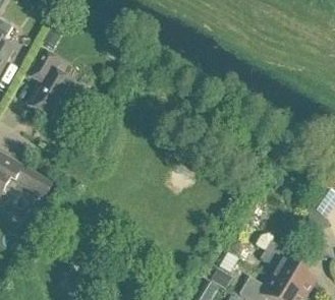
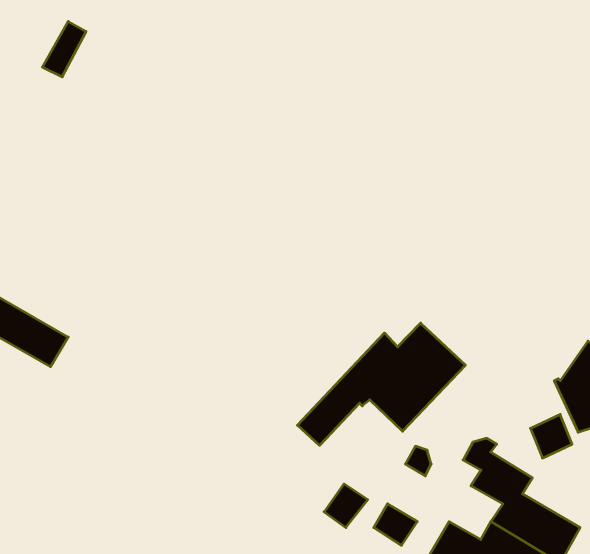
building: [26,50,74,119] -> none
building: none -> [297,323,465,445]

